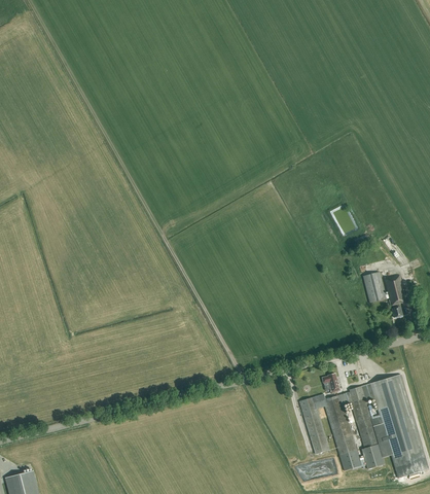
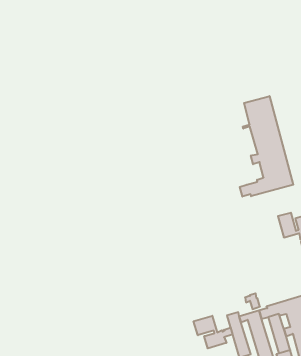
building: none -> [240,96,293,197]
building: none -> [194,316,233,348]

